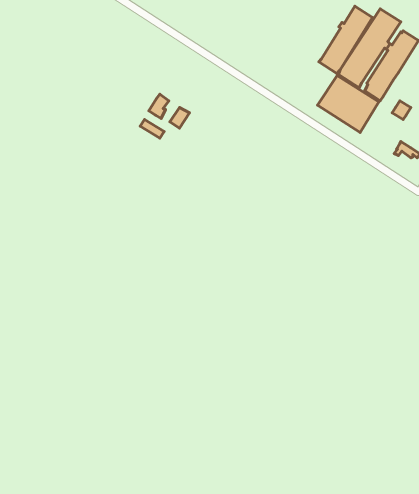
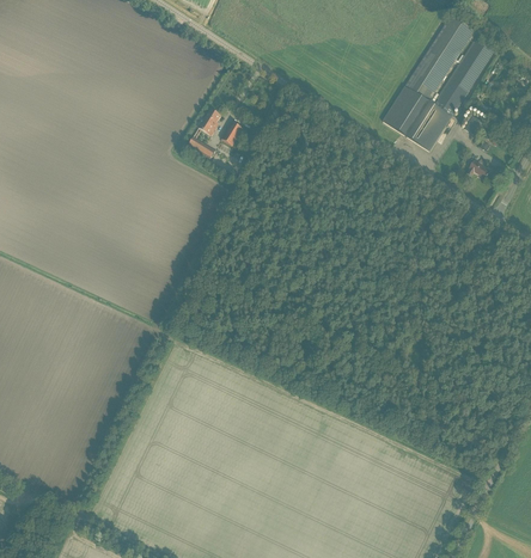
building: [319,6,373,73] -> none

